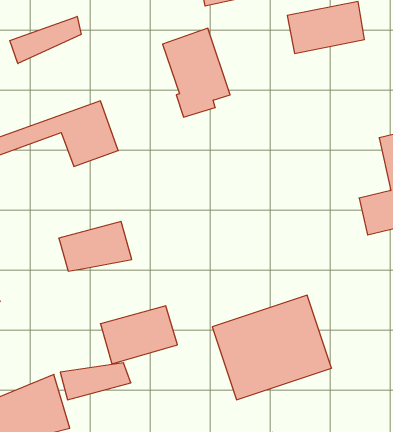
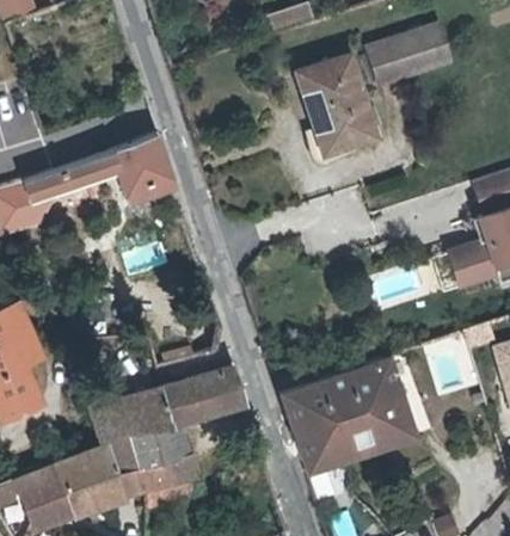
building: [10,16,81,64] -> none
building: [163,28,230,117] -> [301,56,377,156]
building: [59,221,132,271] -> [85,389,167,445]
building: none -> [119,457,201,501]

